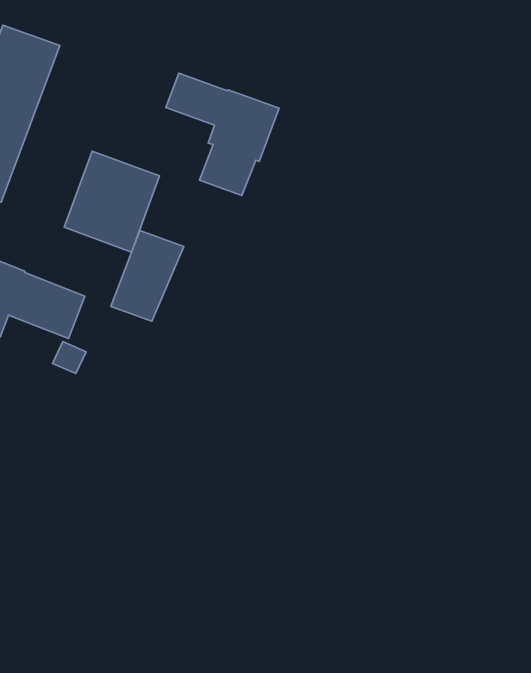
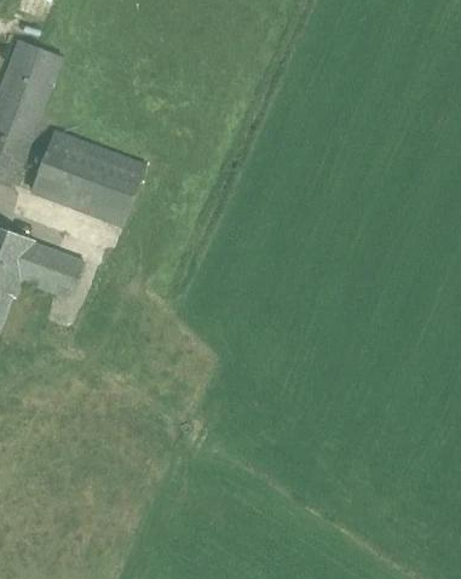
building: [166,73,279,196] -> none
building: [111,230,184,321] -> [30,130,91,205]

